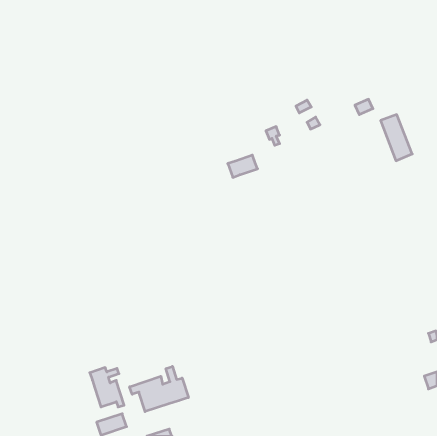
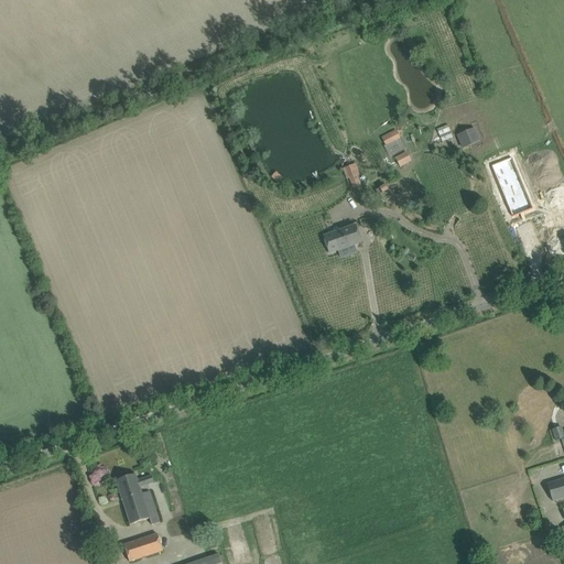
building: [228,155,258,177] -> [323,224,361,252]
building: [130,366,188,412] -> none

